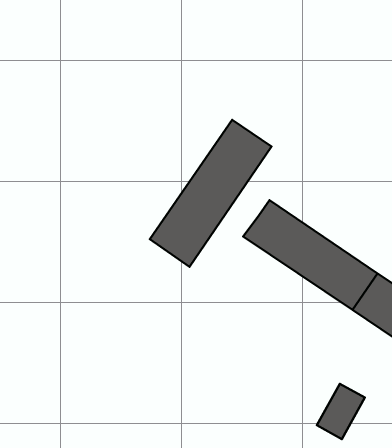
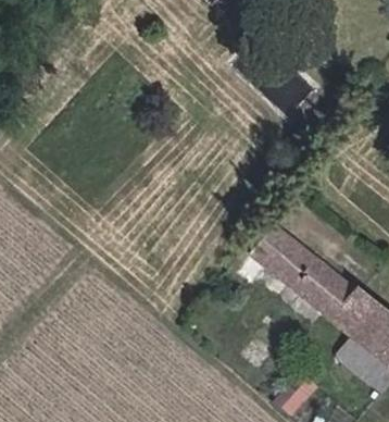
building: [150,120,272,267] -> none

